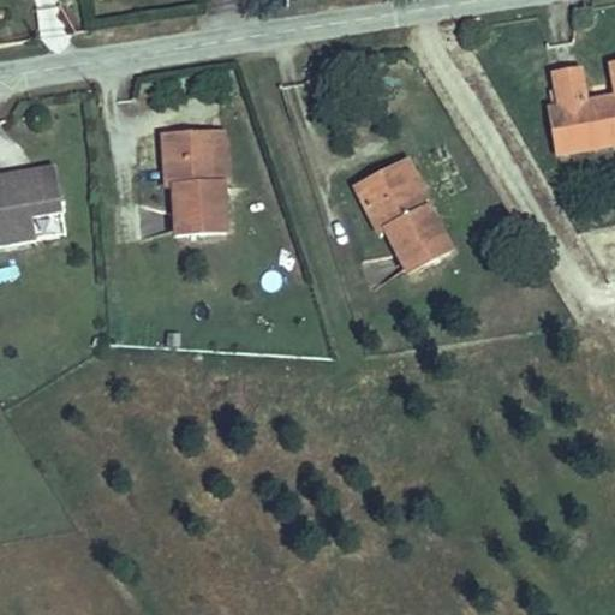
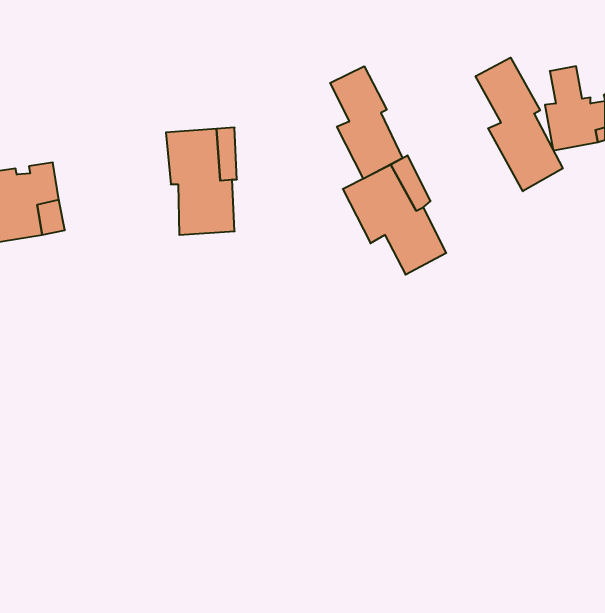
building: none -> [476,58,563,191]
building: none -> [330,66,402,179]

